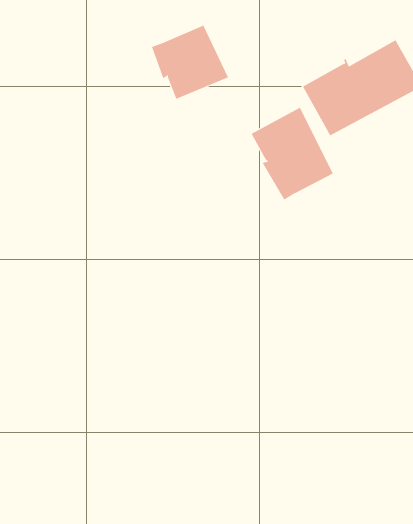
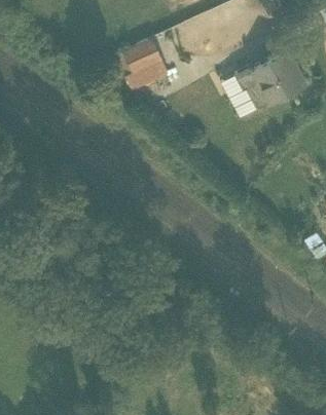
building: [251,107,333,200] -> none

